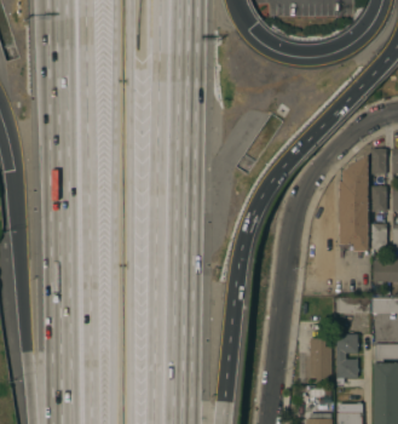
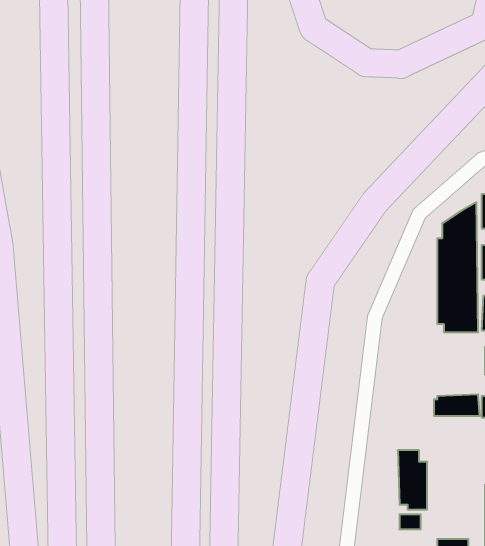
building: [336,336,358,385] -> none

